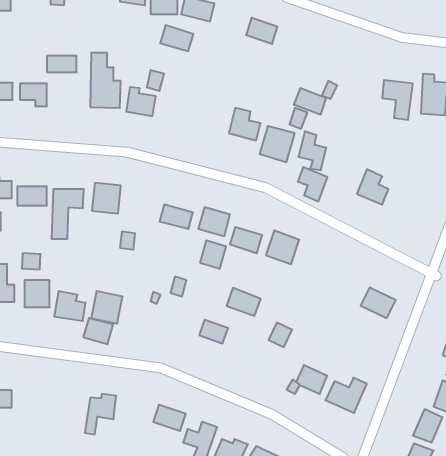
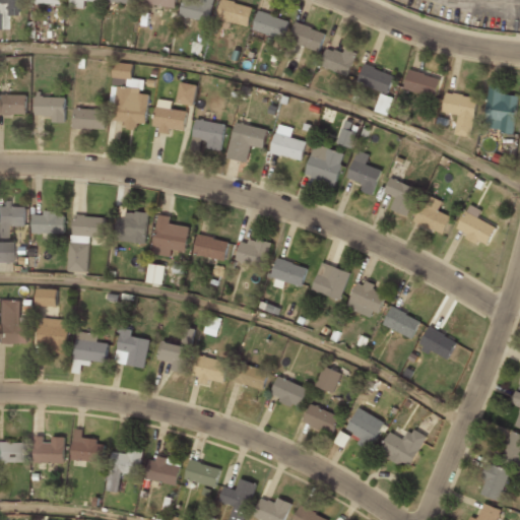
building: [160,25,193,51] -> [251,11,288,41]
building: none -> [319,46,354,76]
building: [47,56,77,72] -> [72,111,106,129]
building: none -> [402,69,440,100]
building: [294,88,326,114] -> [356,64,393,93]
building: none -> [191,120,224,150]
building: none -> [228,124,266,162]
building: [298,167,327,201] -> [383,178,416,216]
building: none -> [455,204,496,247]
building: none -> [151,214,189,256]
building: [200,240,226,269] -> none
building: none -> [347,281,386,317]
building: none -> [382,308,419,339]
building: [227,288,261,316] -> [269,377,308,408]
building: none -> [193,355,228,384]
building: [83,318,113,344] -> [155,340,189,370]
building: none -> [302,404,339,436]
building: none -> [71,429,105,462]
building: none -> [32,437,64,462]
building: none -> [150,456,180,484]

